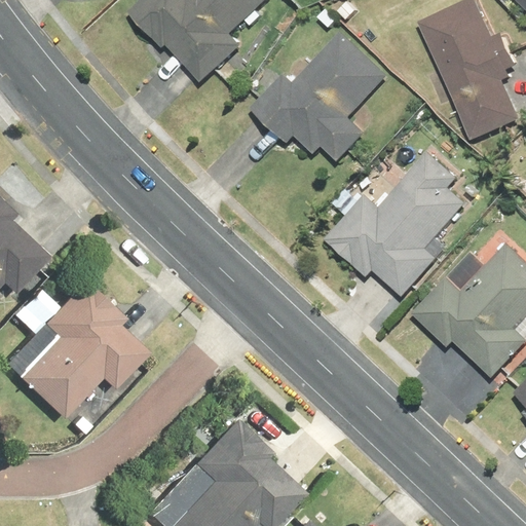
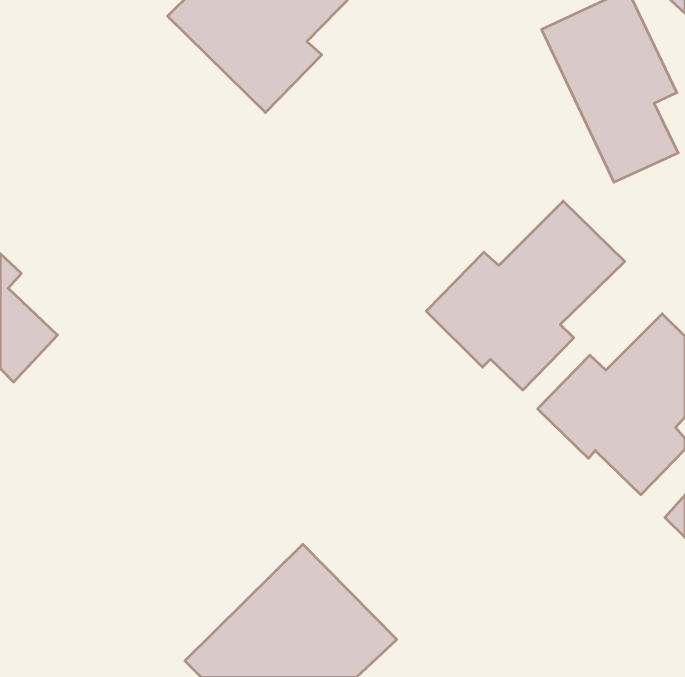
building: [249,31,390,164] -> none
building: [11,278,148,419] -> none

